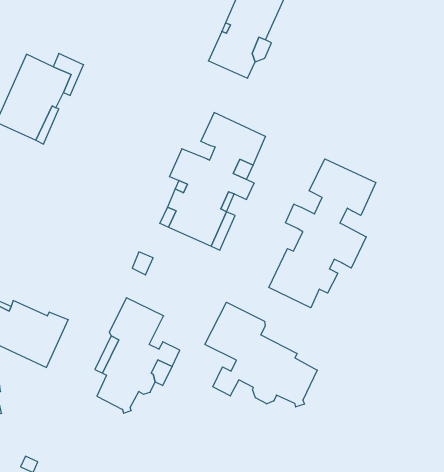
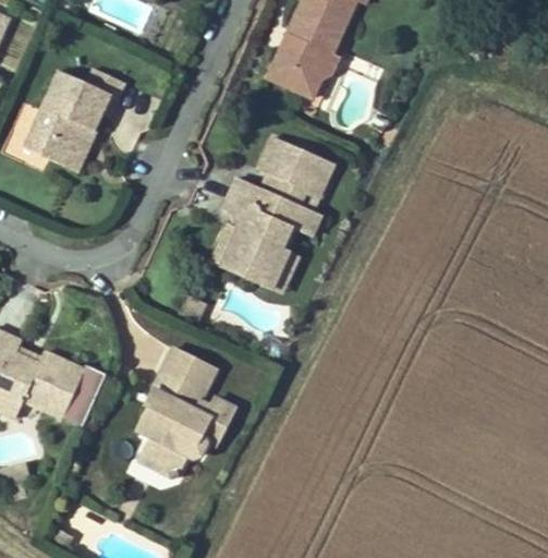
building: [269,159,376,308] -> none
building: [205,302,317,407] -> none

